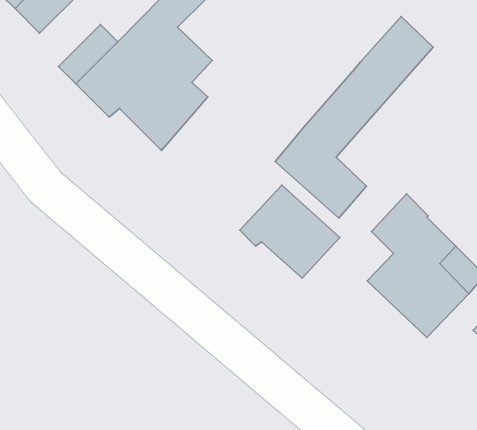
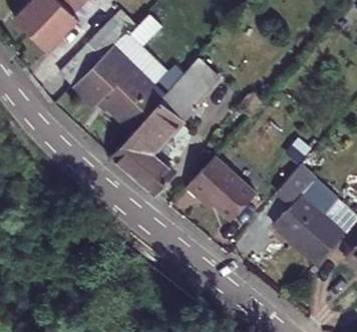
building: [275,17,433,218] -> [110,57,220,197]

